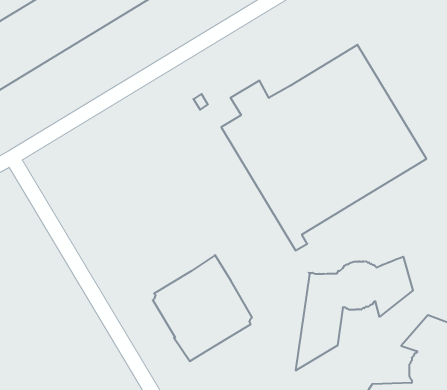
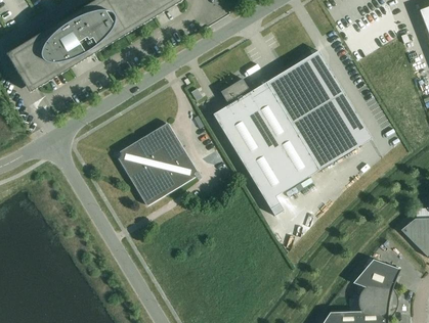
building: [153,255,252,361] -> [119,123,196,204]
building: [296,257,413,371] -> none

